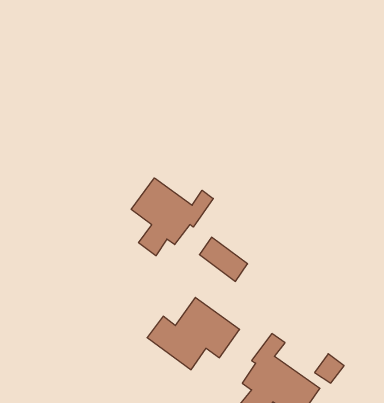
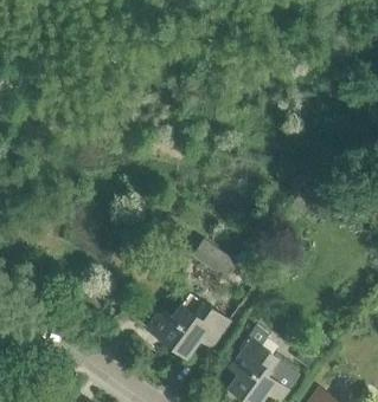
building: [131,178,213,256] -> none

